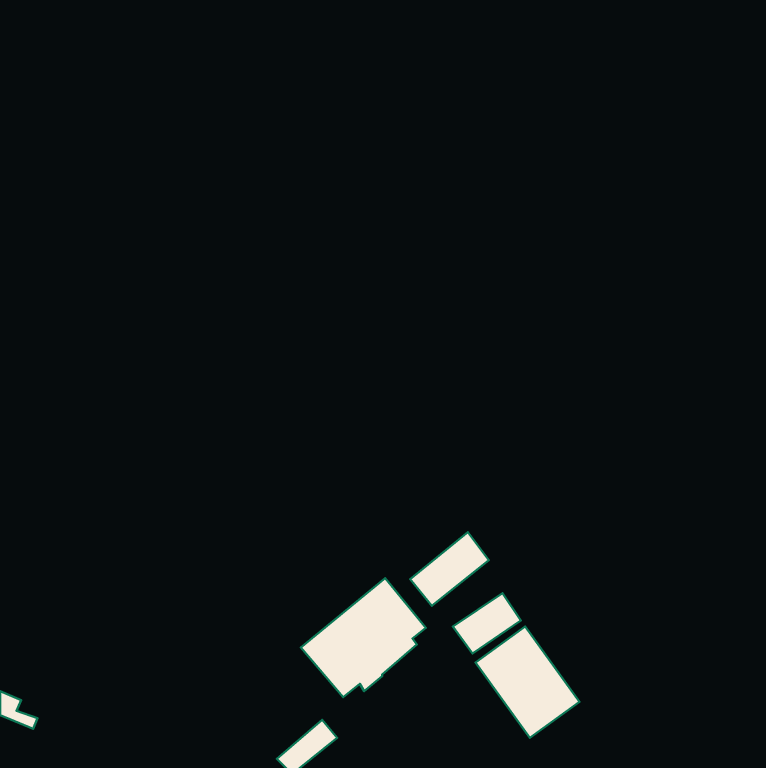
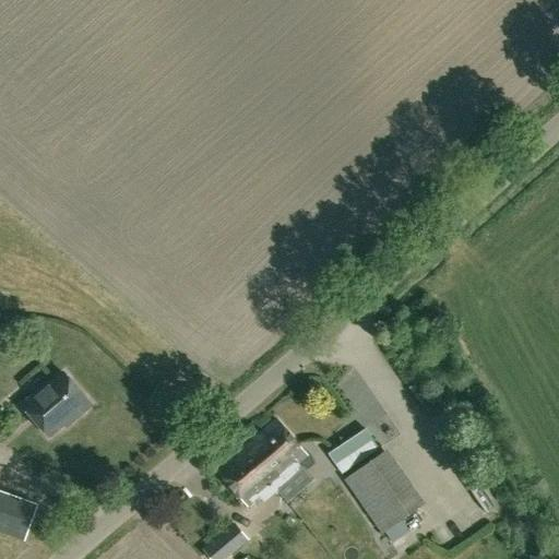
building: none -> [25,374,93,437]
building: [410,532,489,606] -> none

